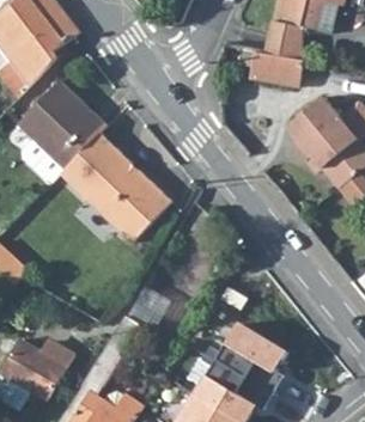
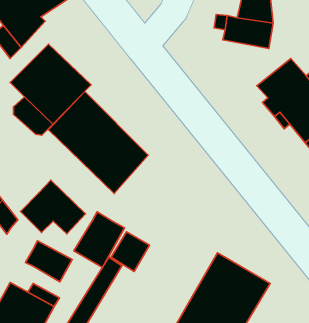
building: none -> [20,180,86,234]
building: none -> [74,212,124,267]
building: none -> [26,241,72,282]

